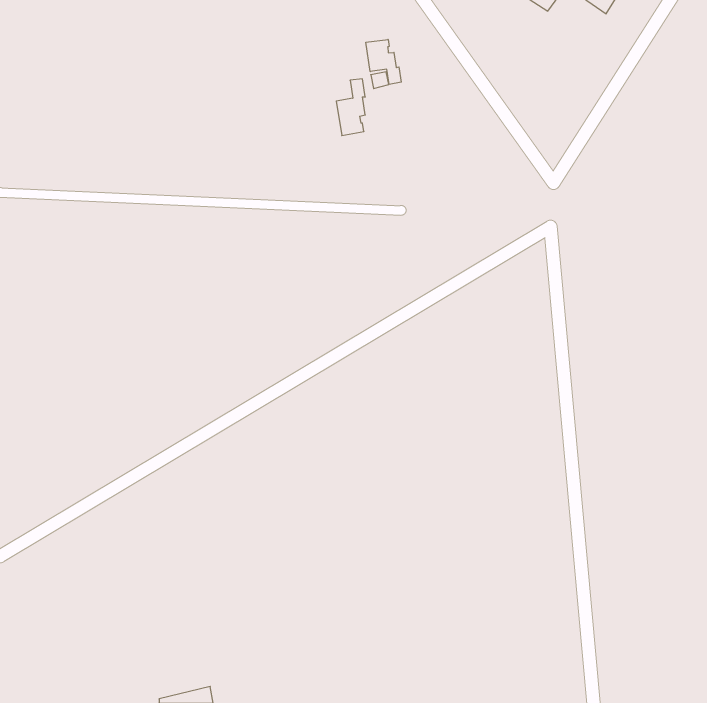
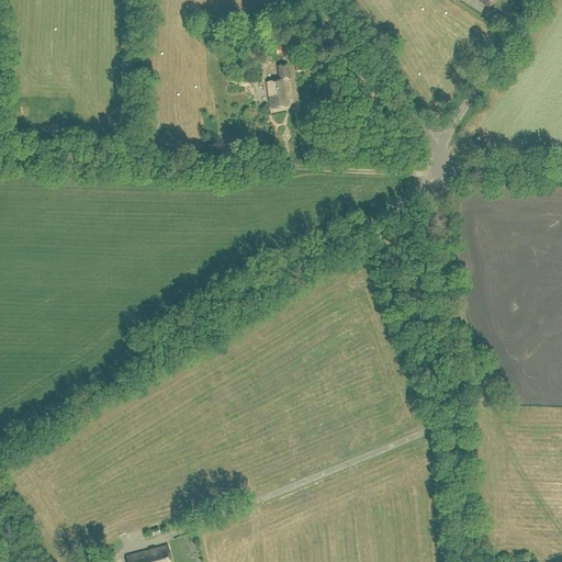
building: [366,39,401,84] -> none

